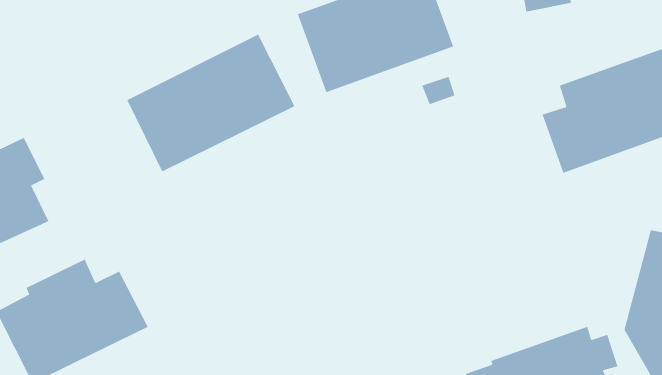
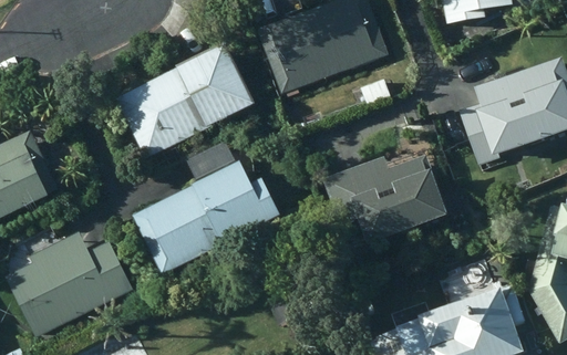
building: none -> [134,140,280,273]
building: none -> [322,155,449,247]

